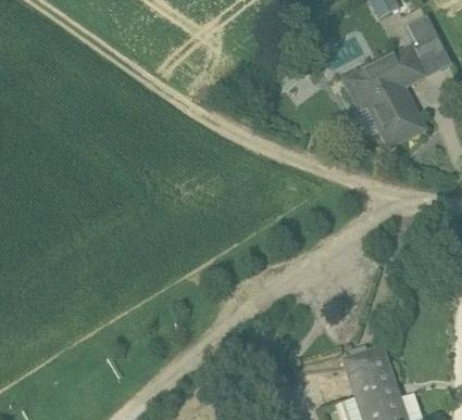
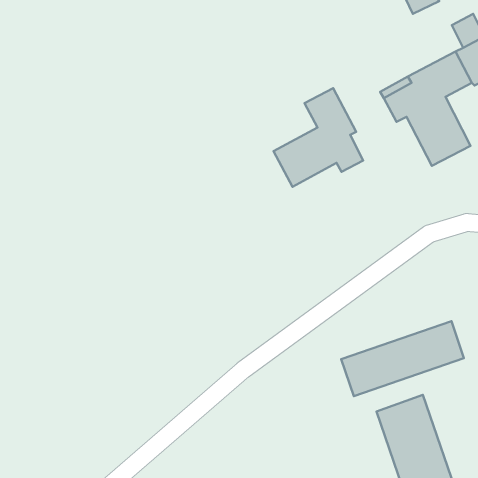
building: none -> [273,88,363,187]
building: none -> [341,321,464,396]

